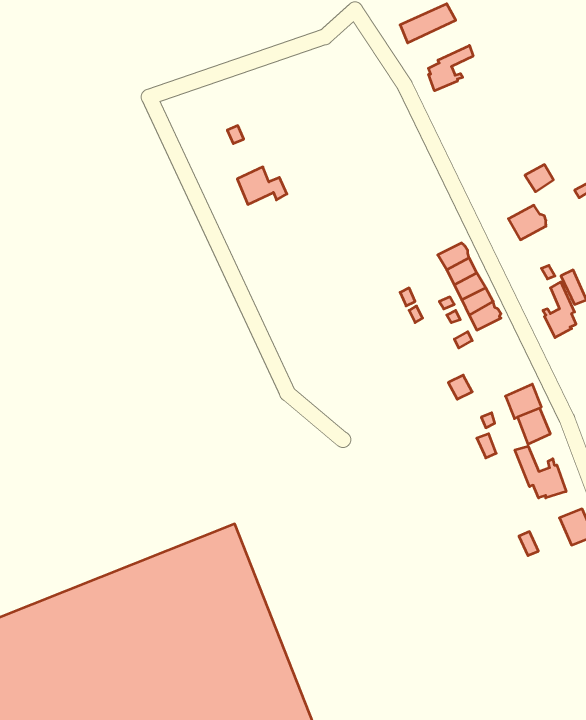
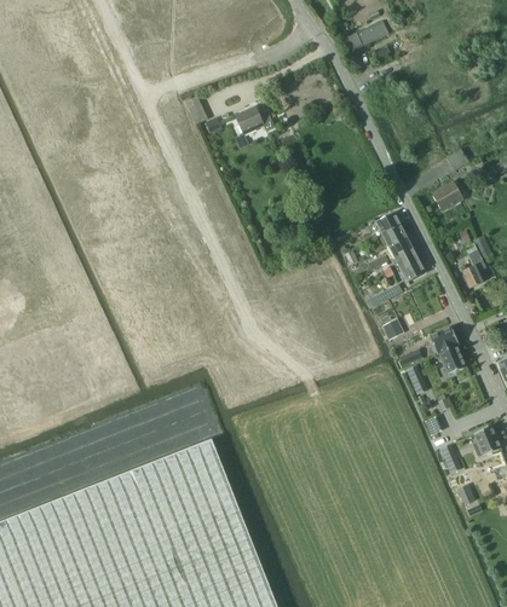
building: [428,45,473,91] -> none
building: [237,167,287,204] -> [235,106,275,137]
building: [515,446,566,498] -> none

